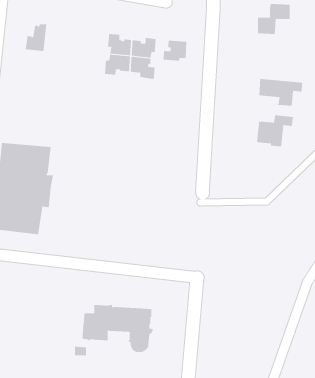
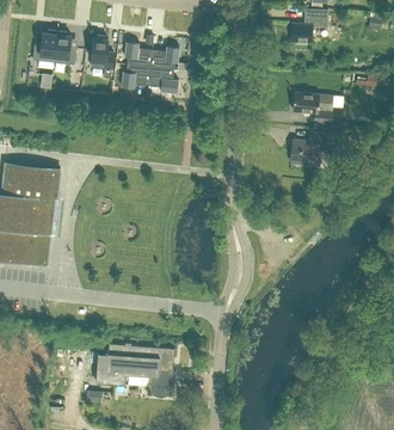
building: none -> [54,31,76,64]
building: none -> [91,36,113,79]
building: [163,40,187,61] -> none

